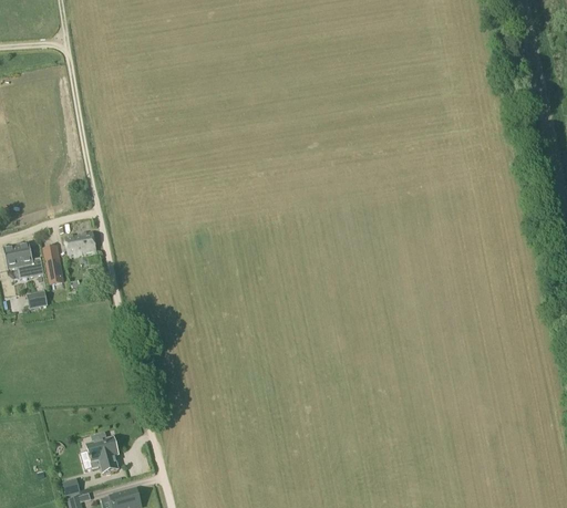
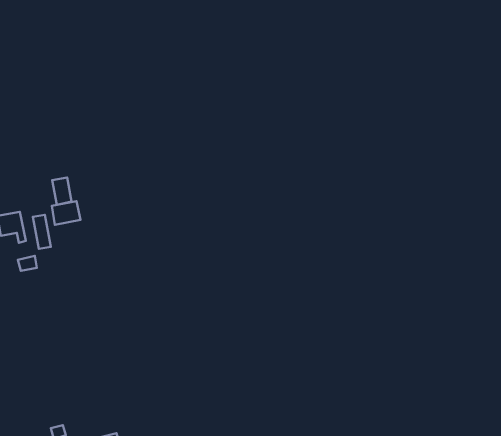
building: none -> [52,178,72,205]
building: [86,433,118,474] -> none

